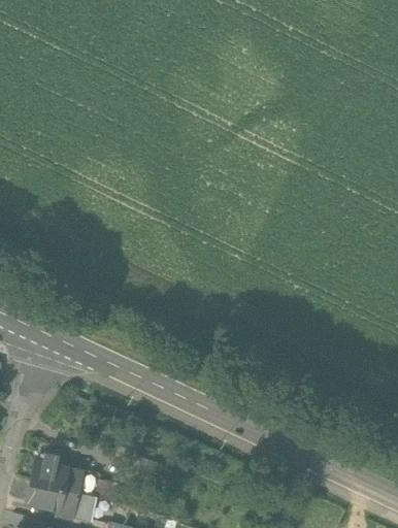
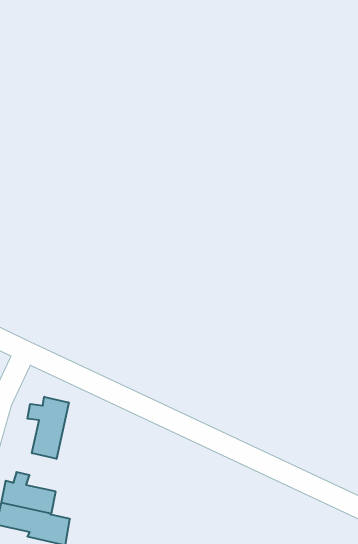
building: none -> [27,397,69,459]

